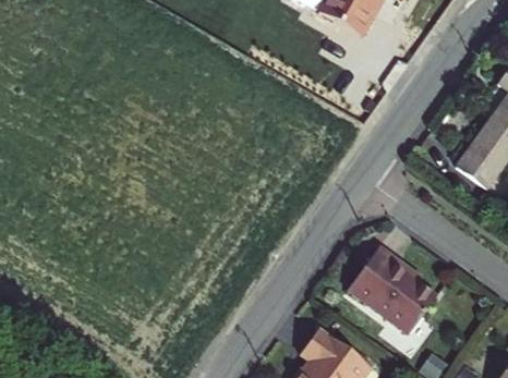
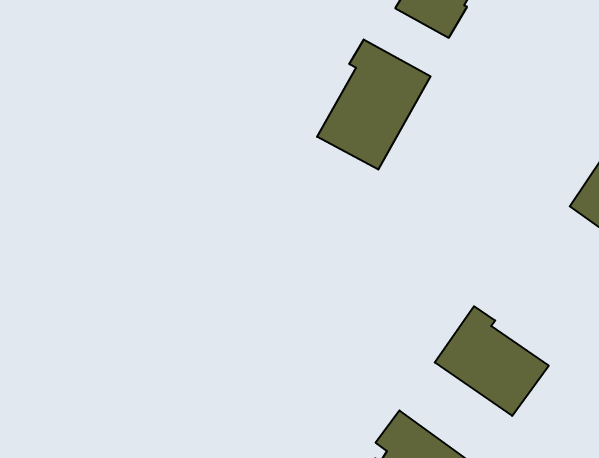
building: none -> [317,39,431,170]

